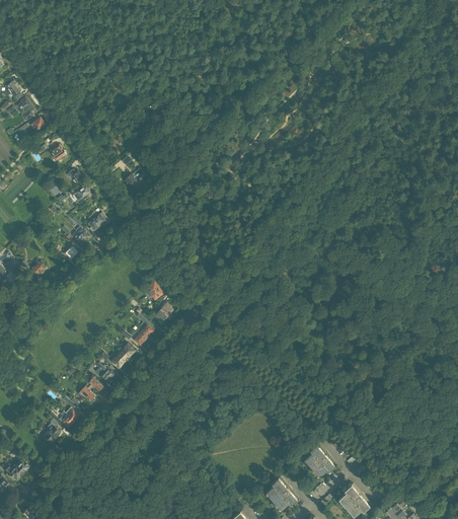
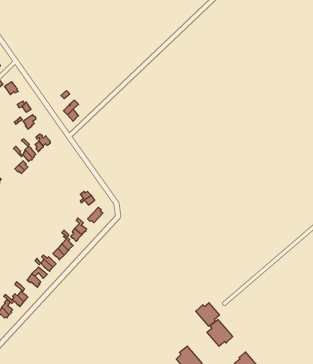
building: none -> [196,303,219,326]

